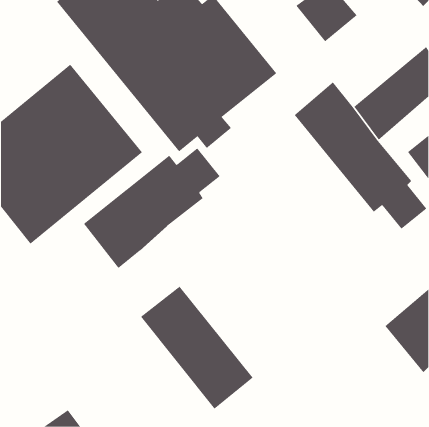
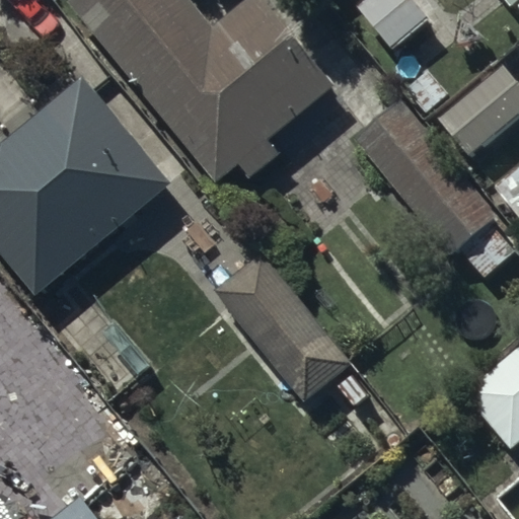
building: [83,148,221,269] -> none
building: [140,286,254,409] -> [215,254,352,403]

